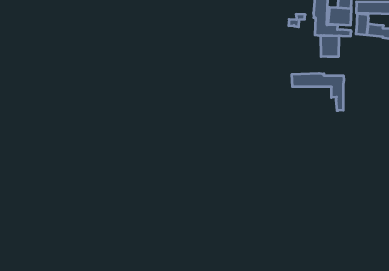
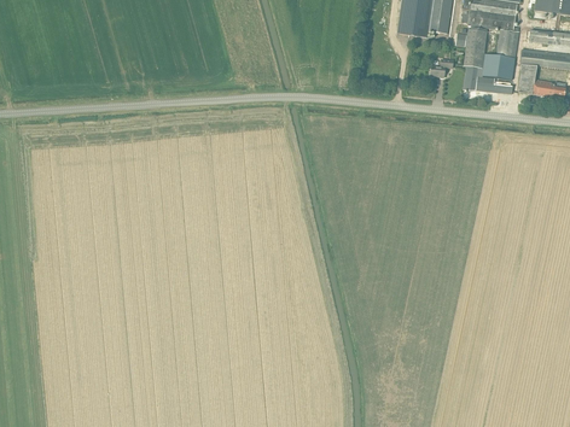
building: [321,35,339,57] -> none
building: [292,73,344,111] -> none

